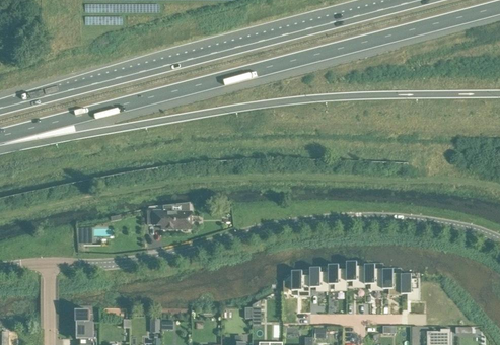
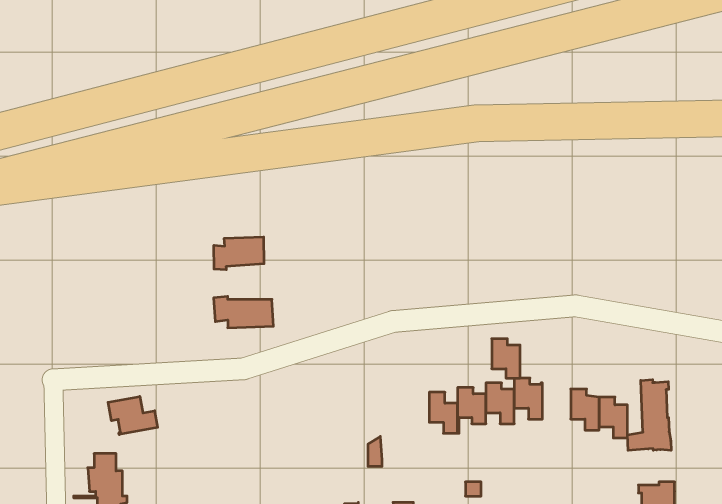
building: none -> [214,237,264,270]
building: none -> [627,380,671,450]
building: [364,264,382,289] -> [492,339,520,378]
building: none -> [108,396,158,435]

